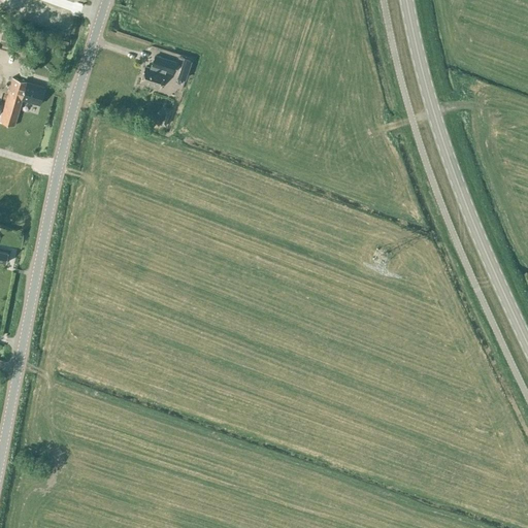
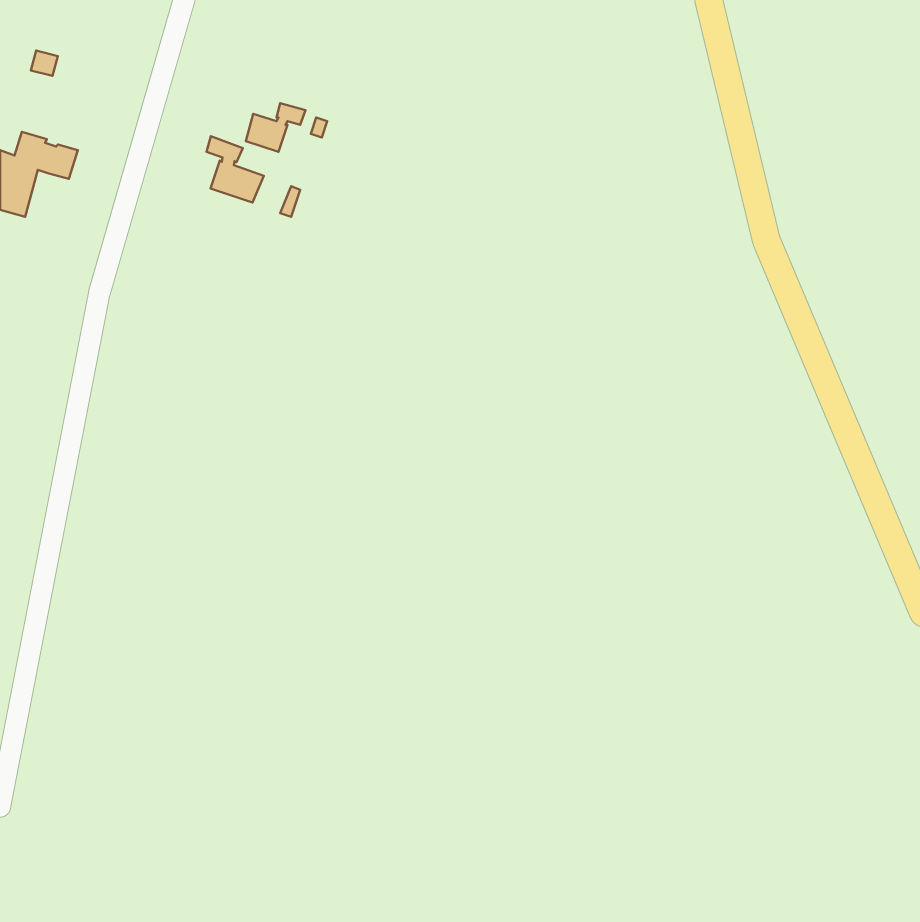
building: none -> [207,136,264,203]

